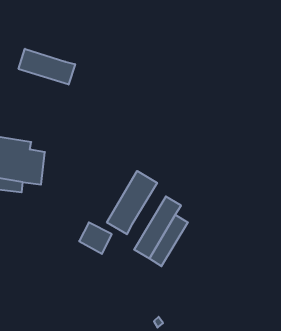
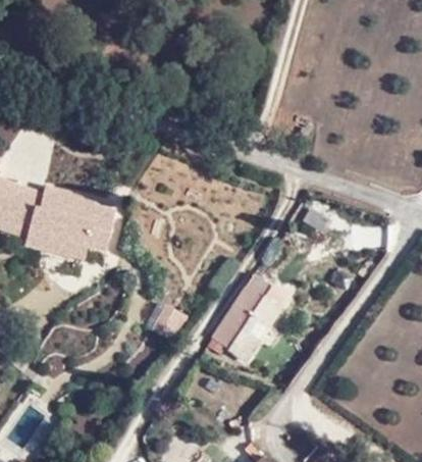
building: [19,49,75,85] -> none
building: [107,171,157,234] -> none

